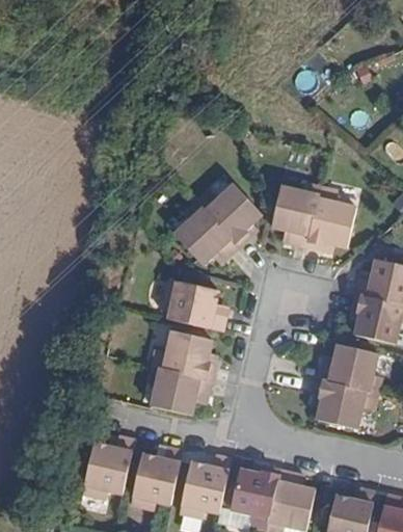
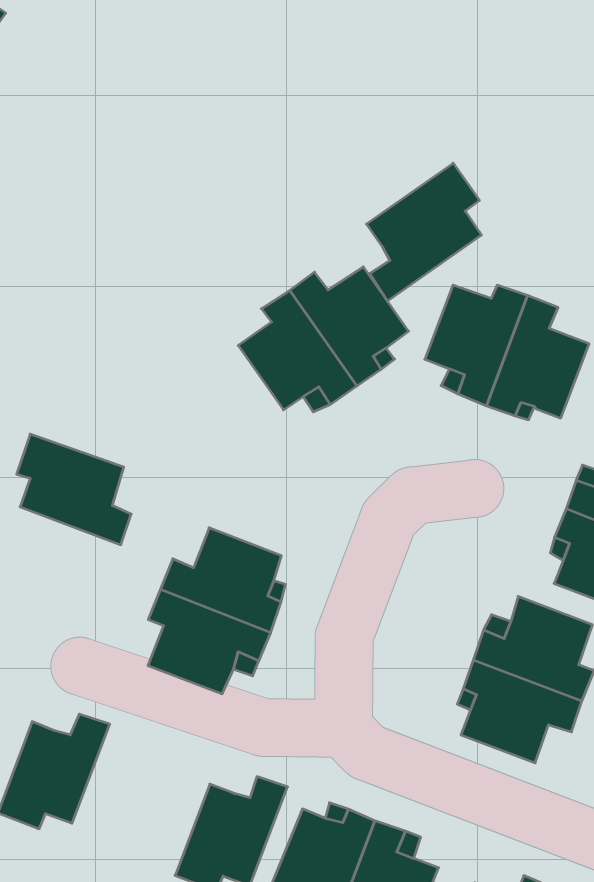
building: none -> [366,163,481,301]
building: [162,281,224,331] -> [17,434,131,545]
building: [130,447,182,510] -> none

